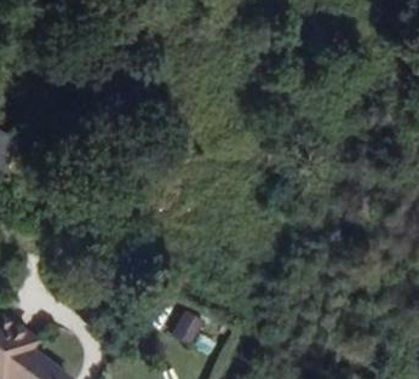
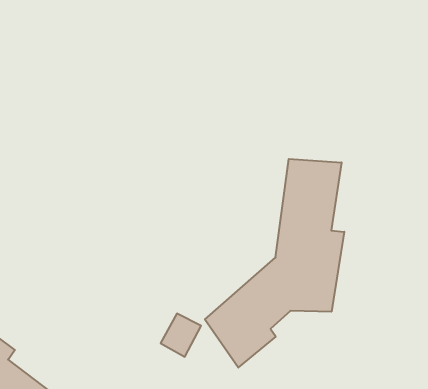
building: none -> [205,159,344,368]

